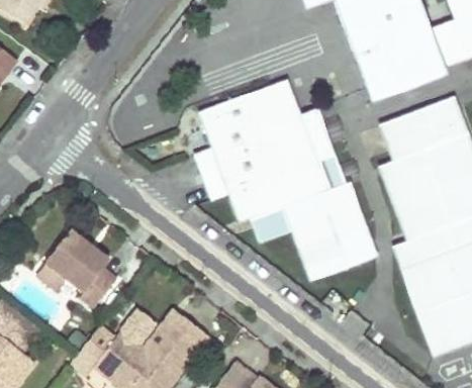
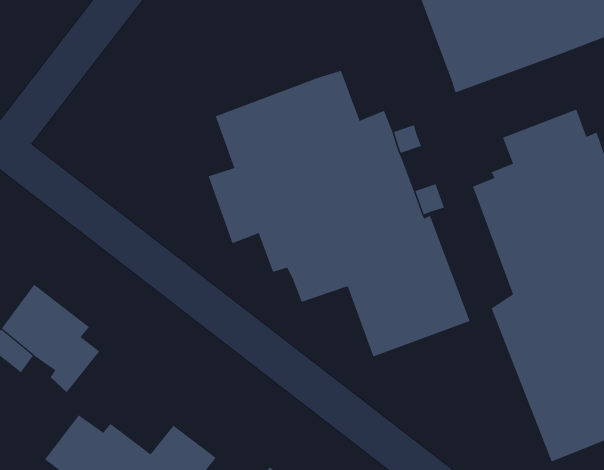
building: [380,93,466,152] -> none
building: [144,307,212,353] -> none

